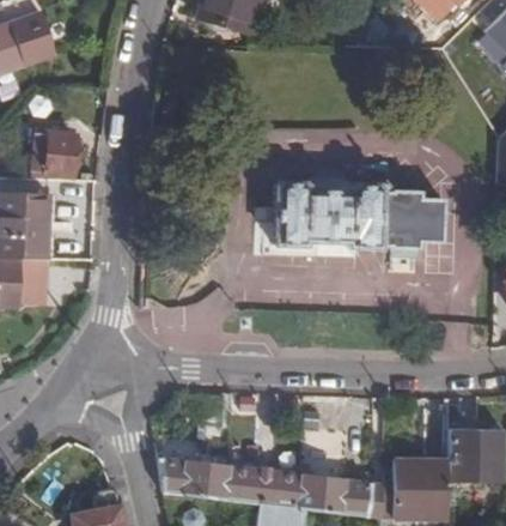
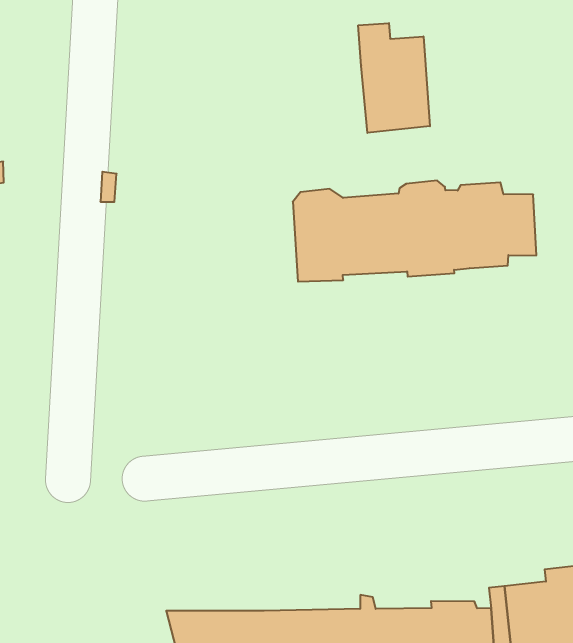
building: none -> [358,23,430,133]

